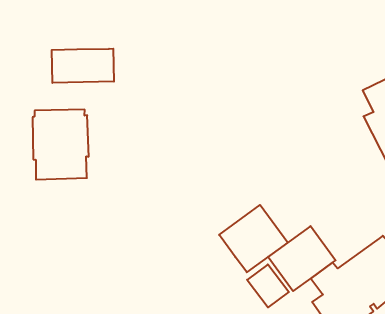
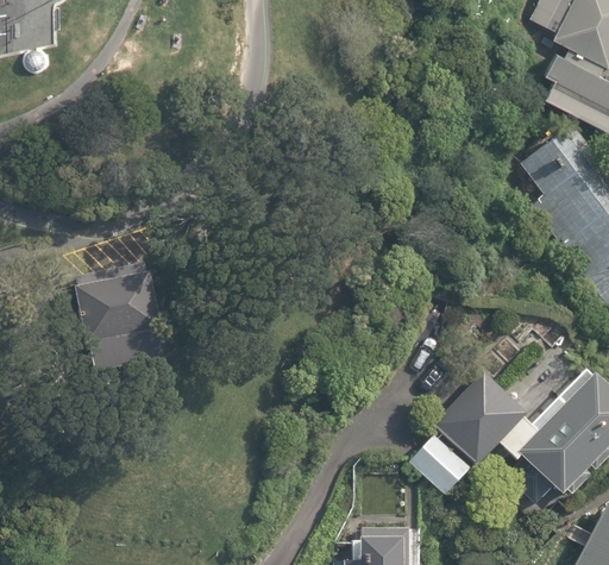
building: [52,49,114,83] -> none
building: [219,205,288,272] -> none

